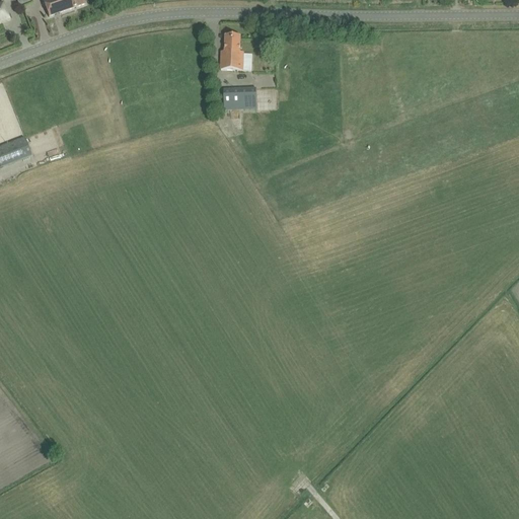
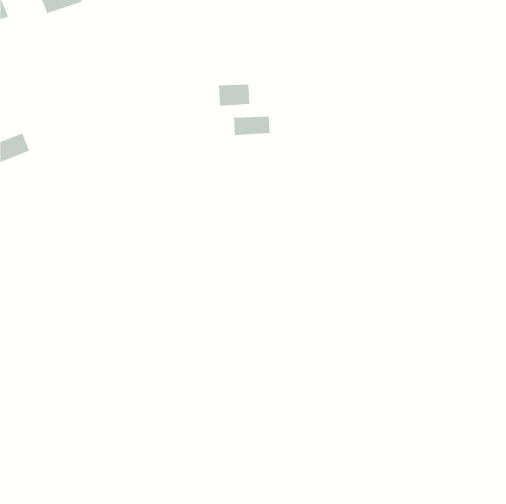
building: [219,33,243,70] -> none
building: none -> [234,116,270,136]

